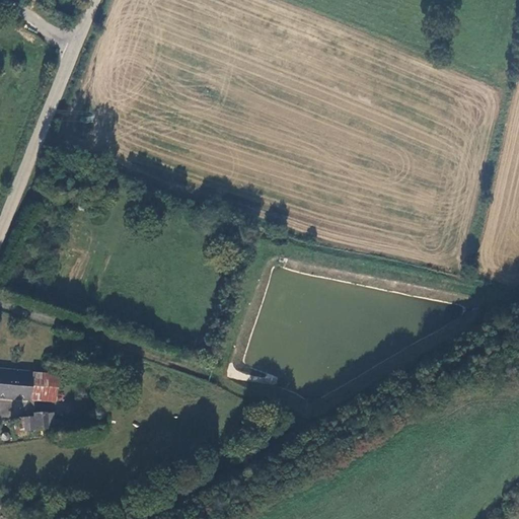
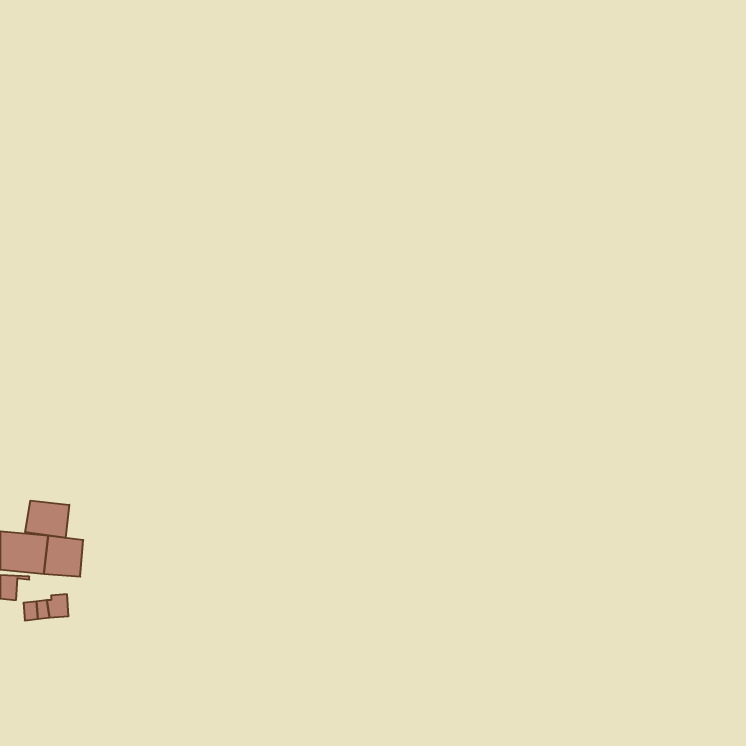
building: none -> [25,501,69,538]

